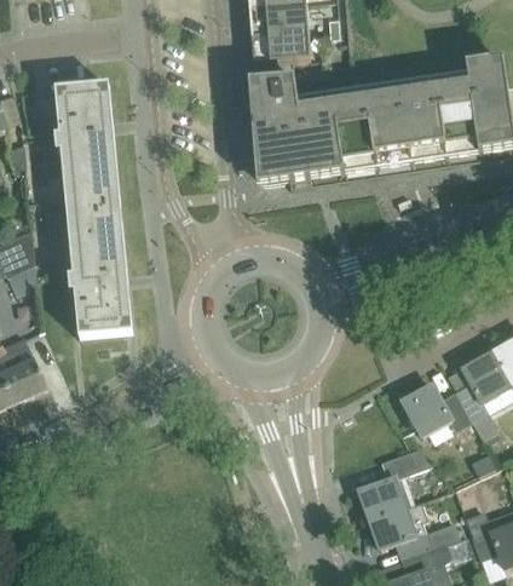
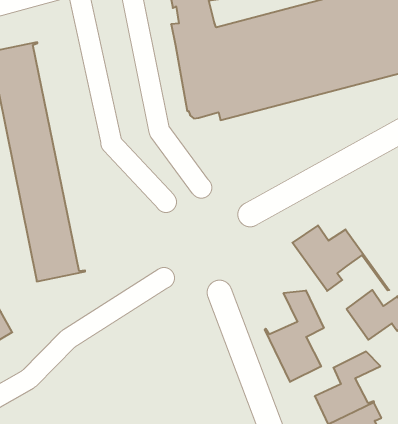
building: none -> [292,225,389,291]
building: none -> [265,290,324,382]

